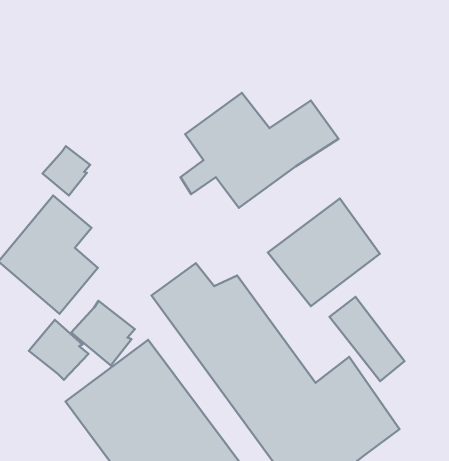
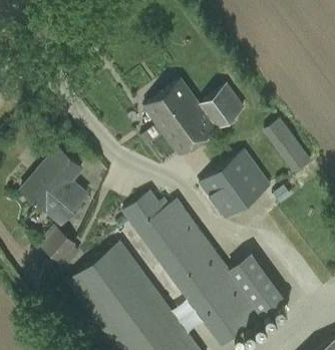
building: [42,146,90,196] -> none
building: [330,297,405,381] -> [264,119,313,174]
building: [71,301,135,366] -> none

